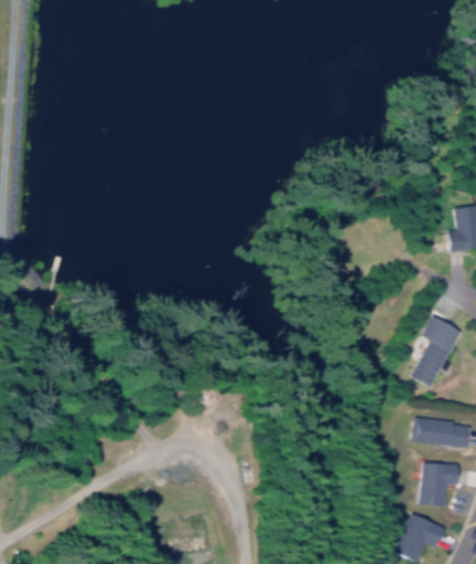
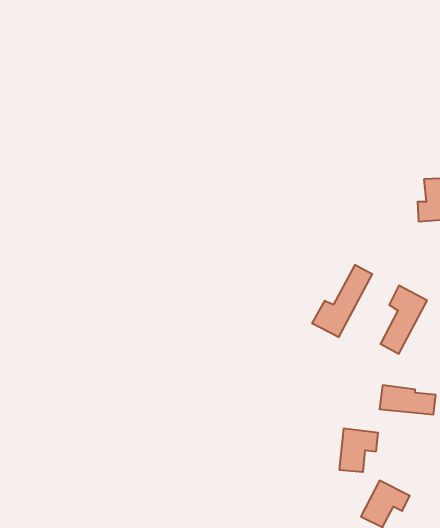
building: none -> [312,265,372,337]
building: [419,463,458,507] -> [339,429,378,472]

